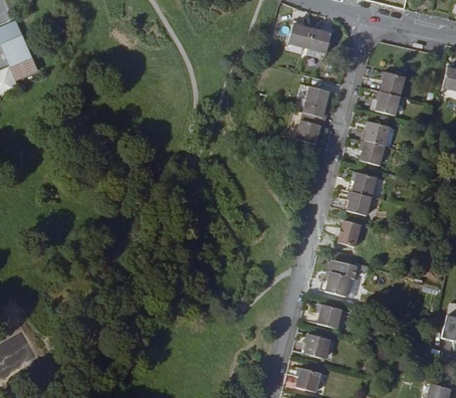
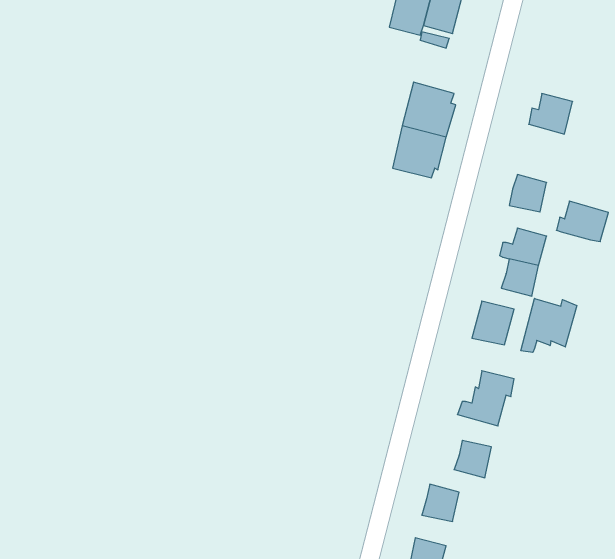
building: [380,72,403,95] -> none
building: [362,122,394,147] -> [556,201,608,242]
building: none -> [521,298,577,352]

